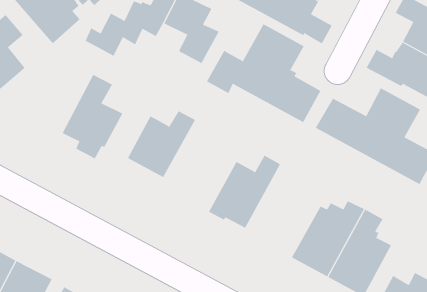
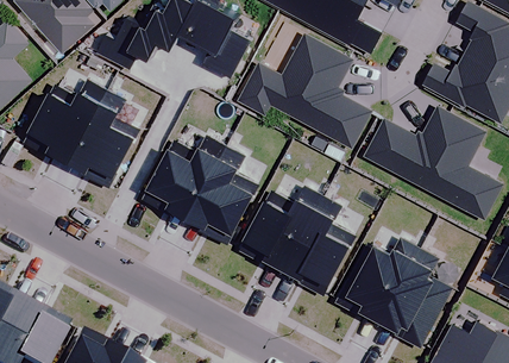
building: none -> [27,81,109,158]
building: none -> [190,143,258,242]
building: none -> [284,194,354,294]

